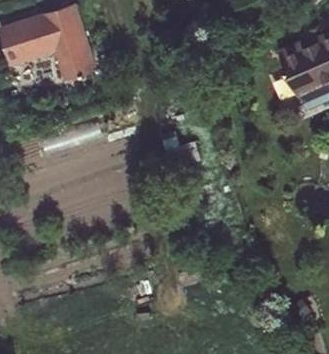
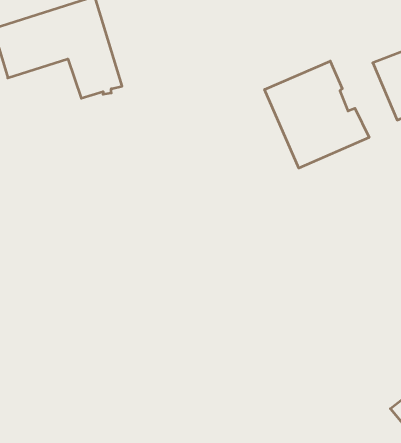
building: none -> [265,61,369,168]

